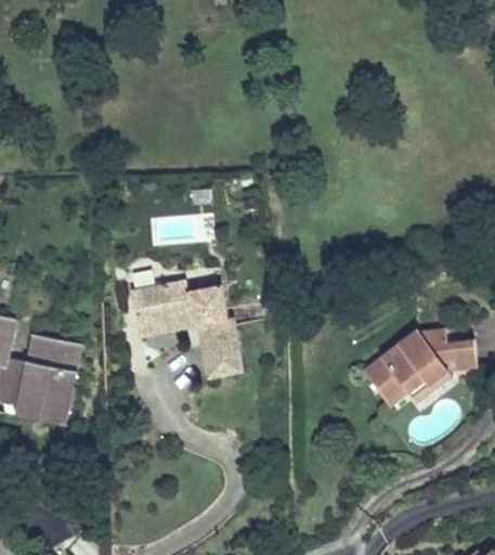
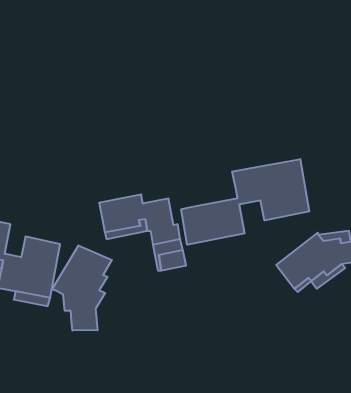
building: none -> [181,159,309,245]
building: none -> [52,245,112,331]

